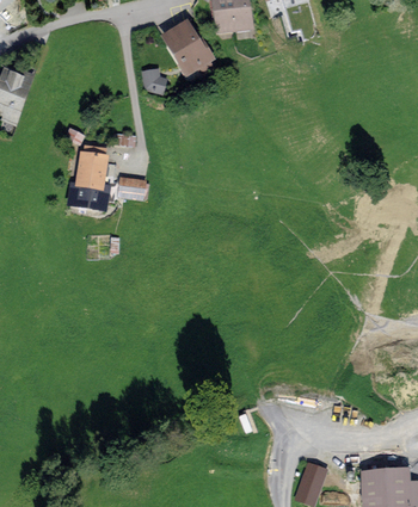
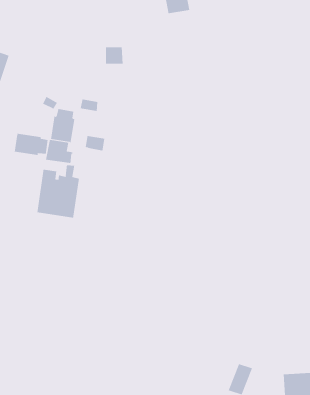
building: [166,25,213,73] -> none
building: none -> [14,133,48,156]
building: none -> [37,165,80,218]

